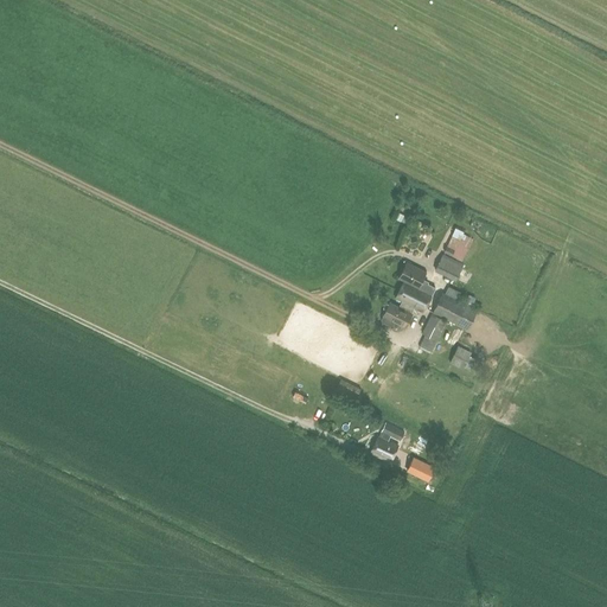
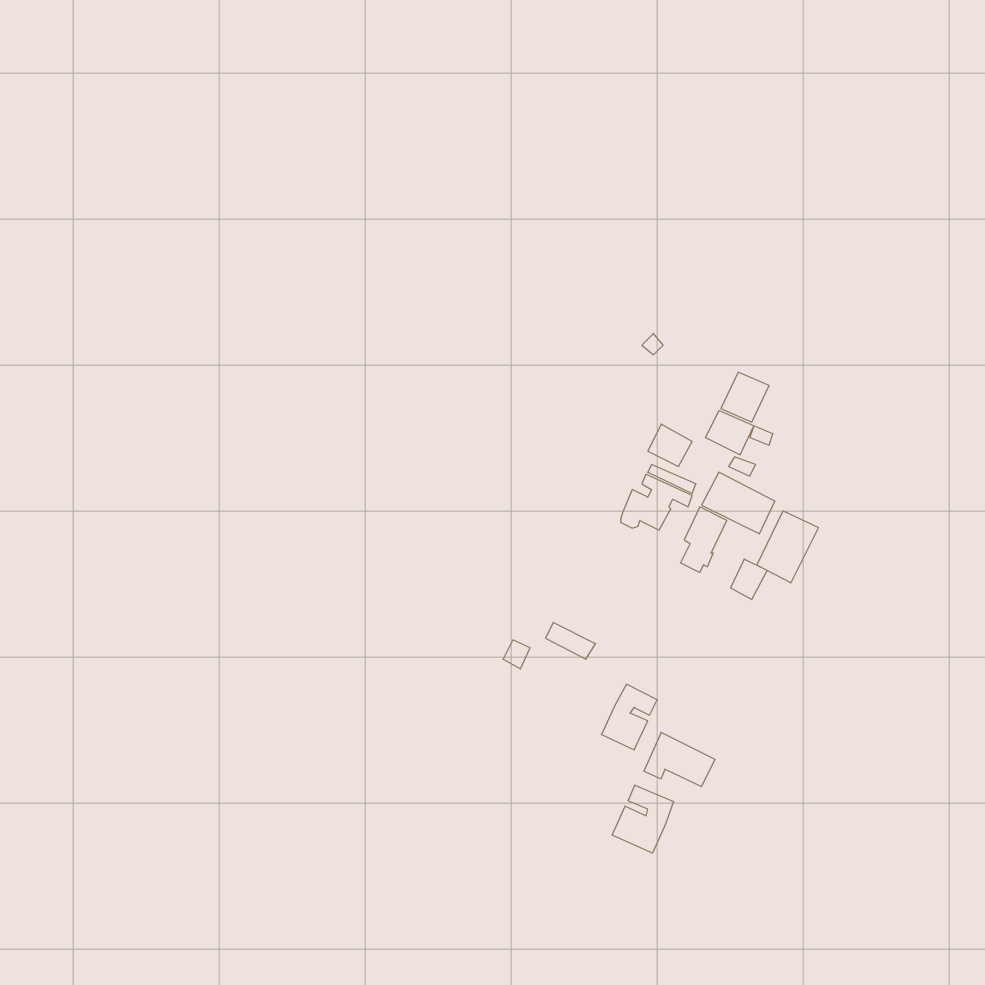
building: none -> [757,511,818,583]
building: none -> [612,785,674,853]

